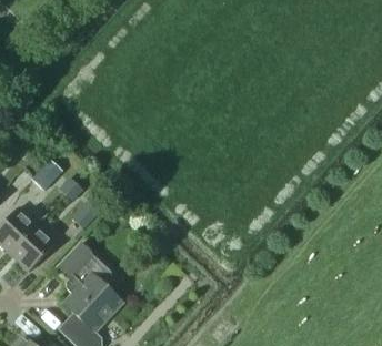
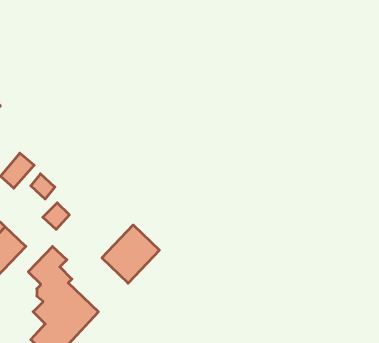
building: none -> [102,225,159,283]

